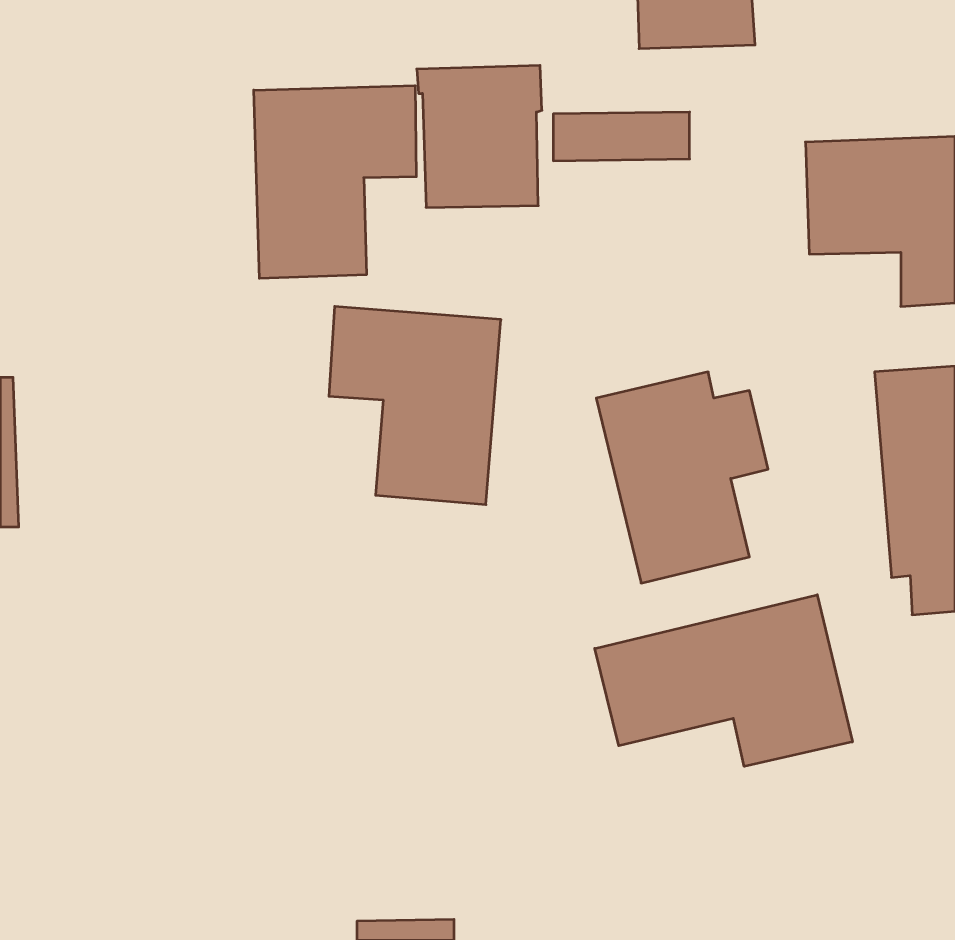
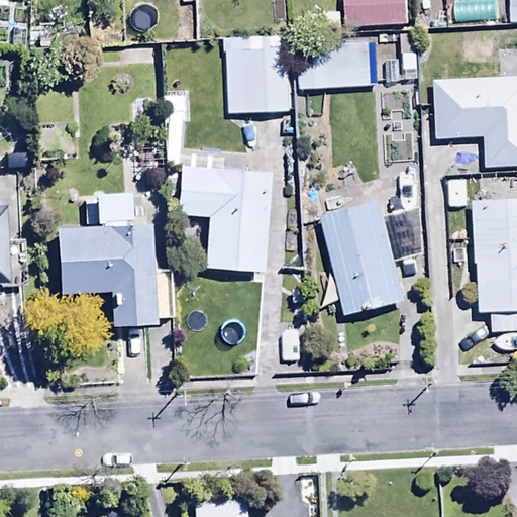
building: [254,86,416,278] -> none
building: none -> [56,194,153,327]
building: [595,595,852,766] -> none

